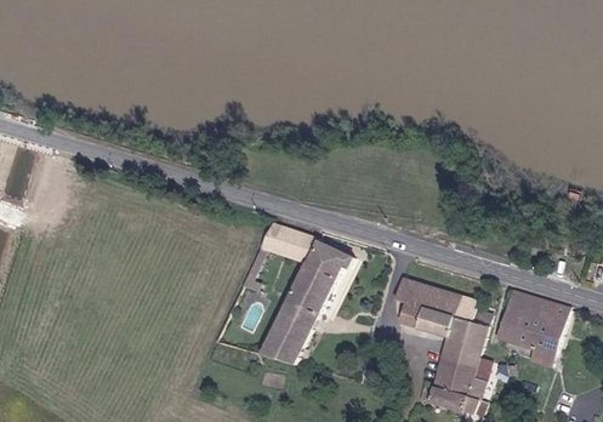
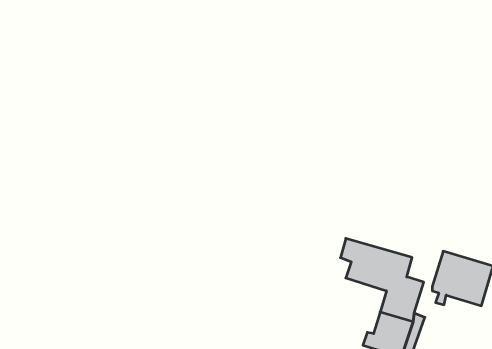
building: [240,222,352,360] -> none

